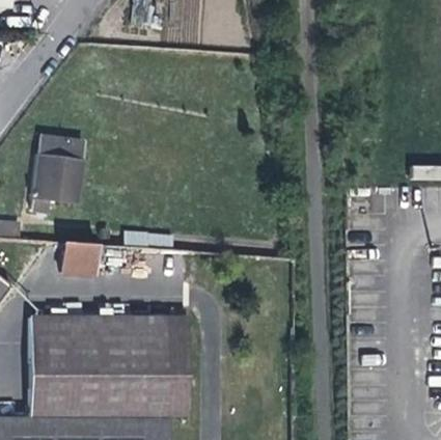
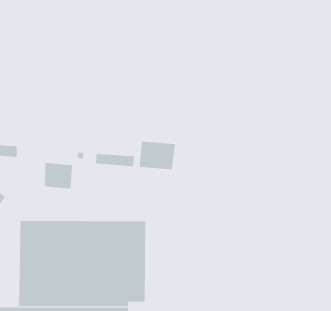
building: [33,137,84,214] -> none
building: none -> [139,141,176,170]

